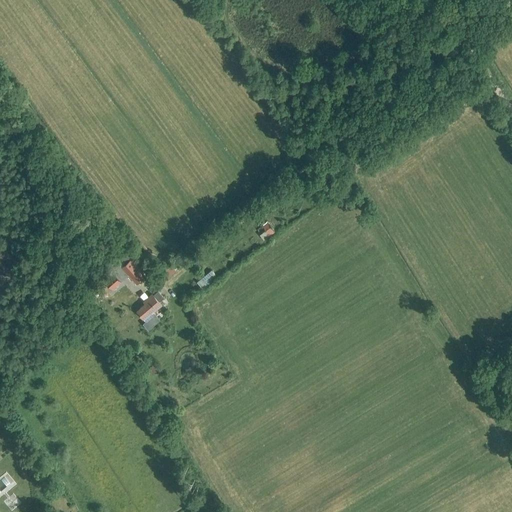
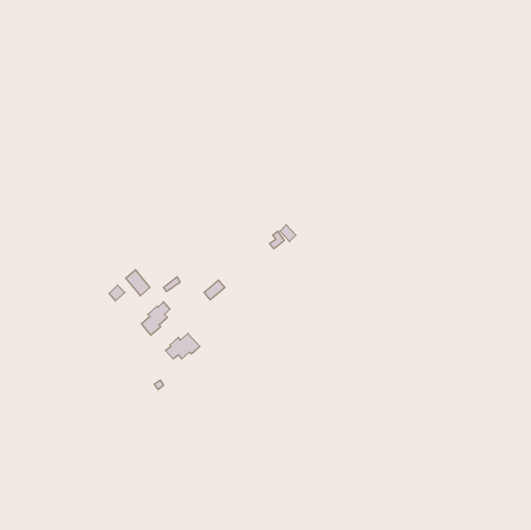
building: none -> [166,334,200,359]

